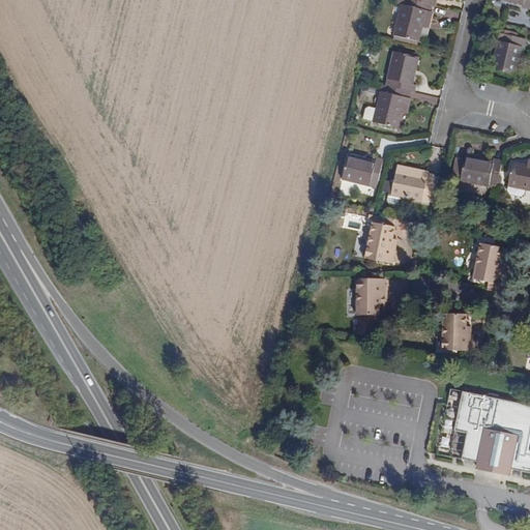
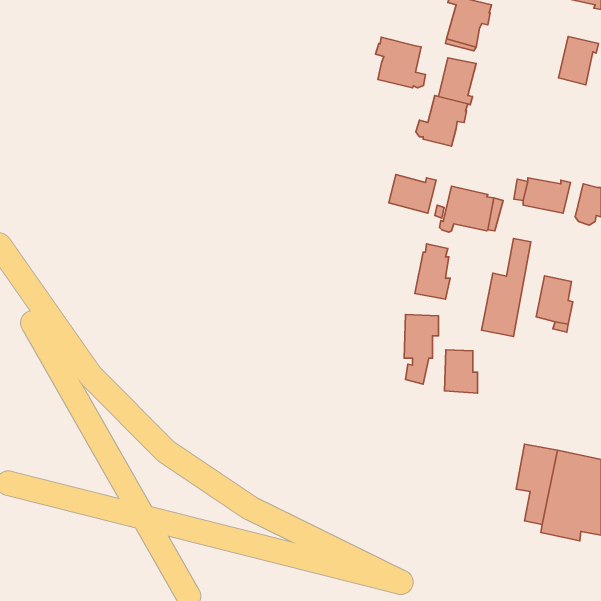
building: none -> [376,37,426,88]
building: none -> [482,239,531,337]
building: [441,313,470,351] -> [445,350,478,393]

